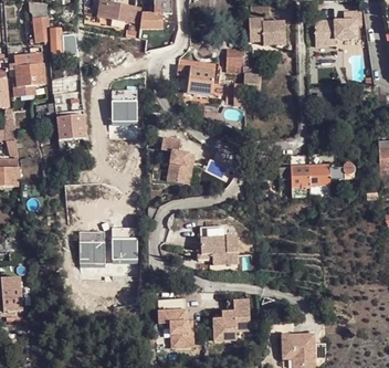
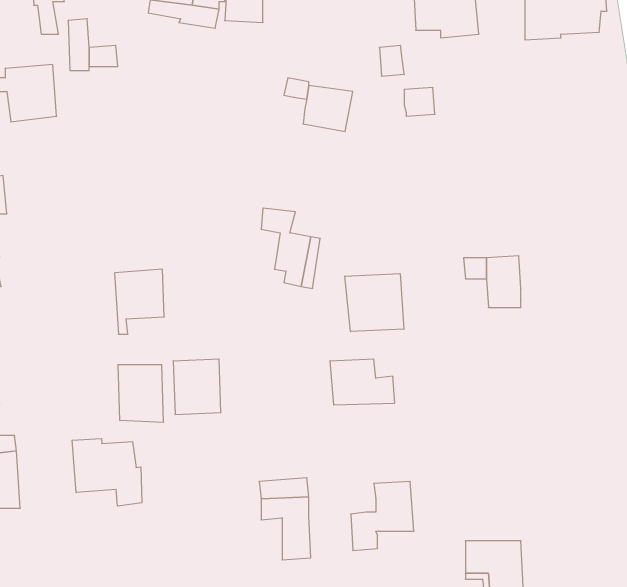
building: [111,90,136,120] -> none
building: [56,111,85,148] -> [115,269,164,334]
building: [311,160,354,187] -> none
building: none -> [345,274,404,332]
building: none -> [72,439,142,506]

